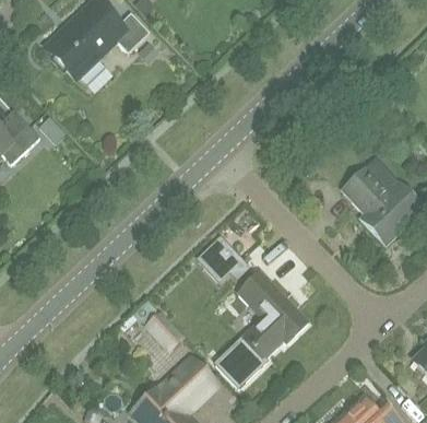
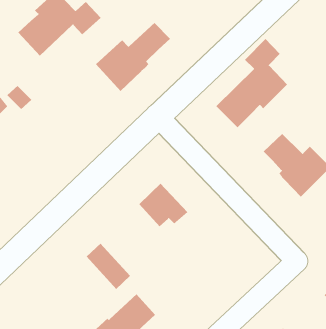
building: none -> [95,22,171,92]
building: none -> [215,38,288,128]
building: [214,269,308,387] -> none

